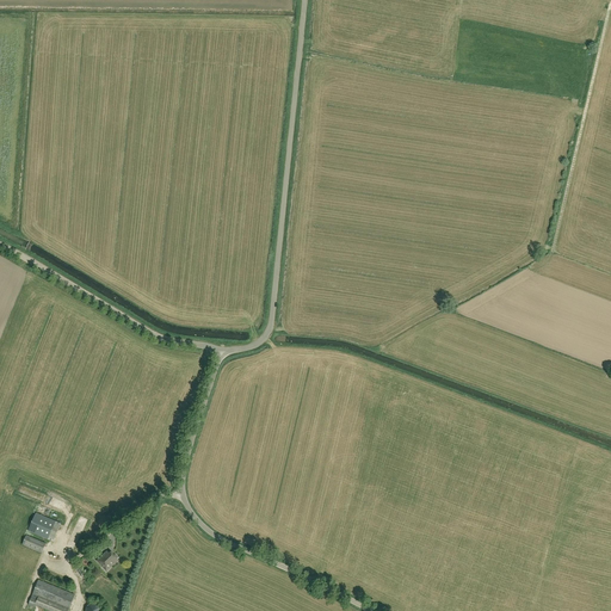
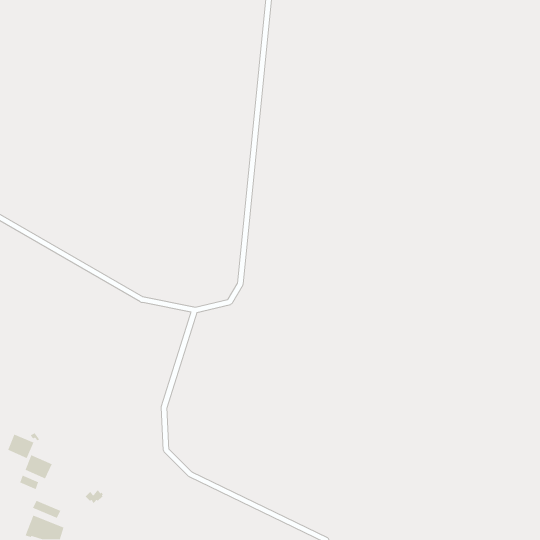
building: none -> [7,434,34,459]

